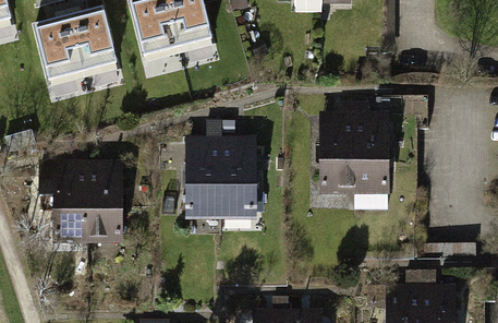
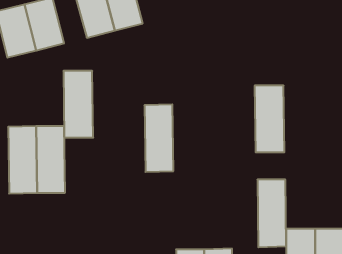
building: [314,112,349,194] -> [257,180,286,247]
building: [180,136,216,217] -> [63,71,93,138]

